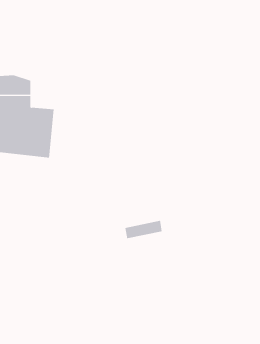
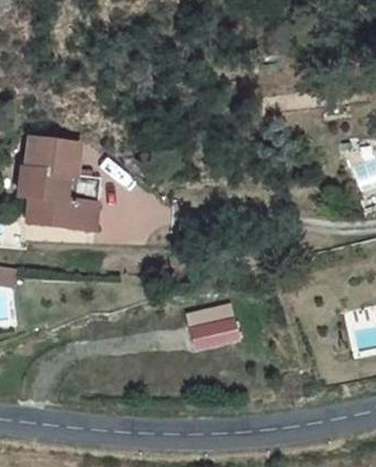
building: none -> [189,321,236,351]

